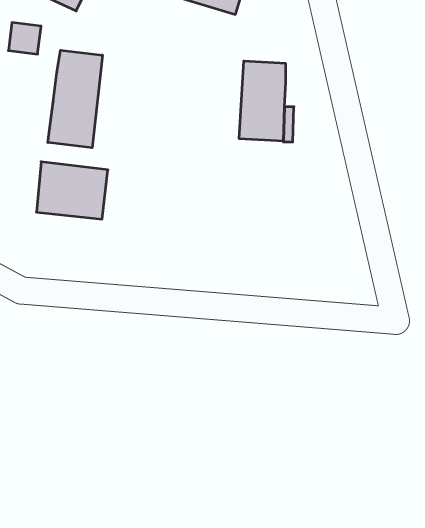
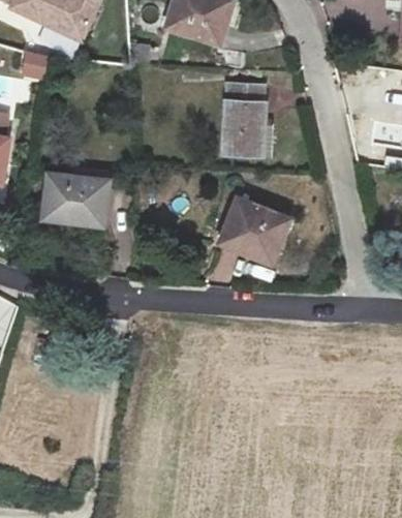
building: [48,50,102,148] -> none
building: none -> [220,196,289,262]

